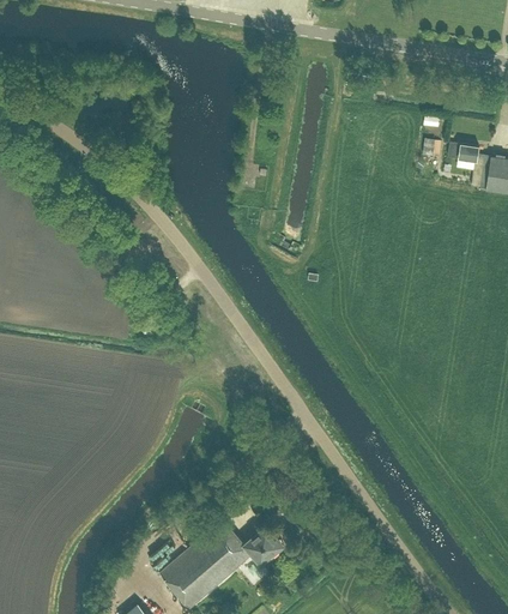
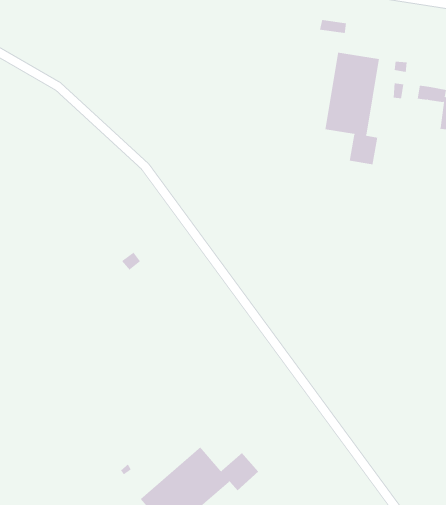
building: none -> [325,52,379,165]

